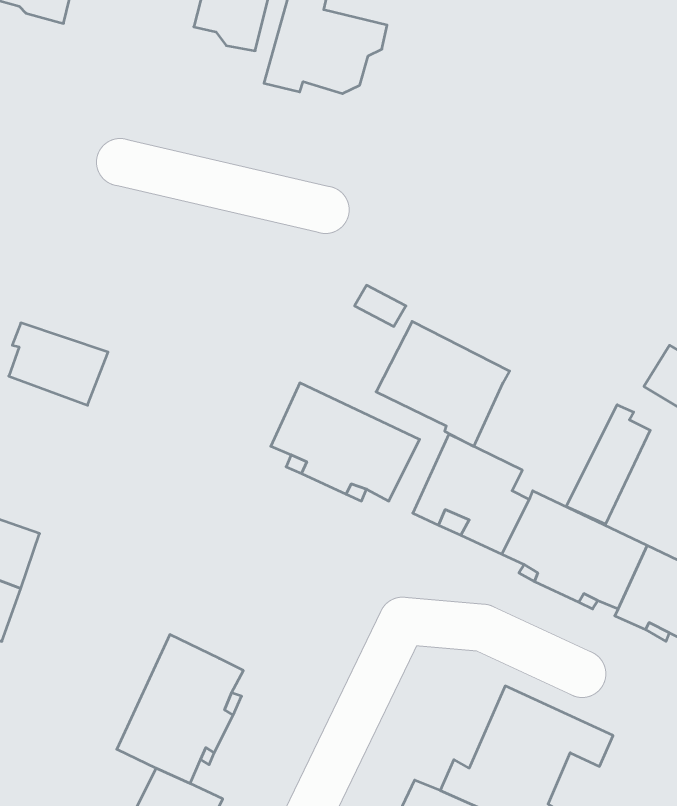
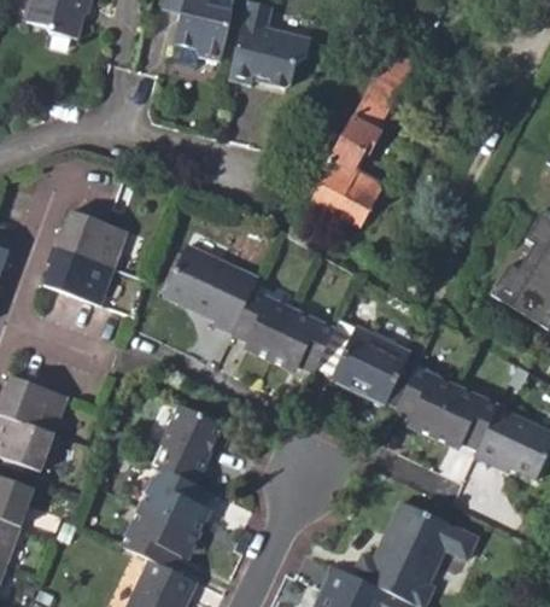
building: none -> [311,45,413,226]
building: none -> [53,210,128,268]
building: [376,321,510,446] -> [160,246,254,334]
building: [566,405,650,524] -> none
building: none -> [153,402,222,484]

